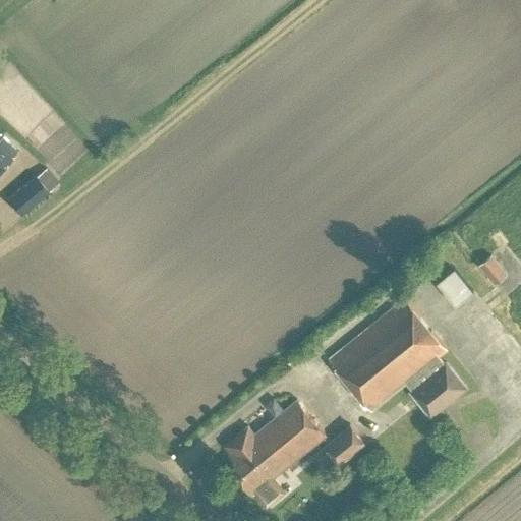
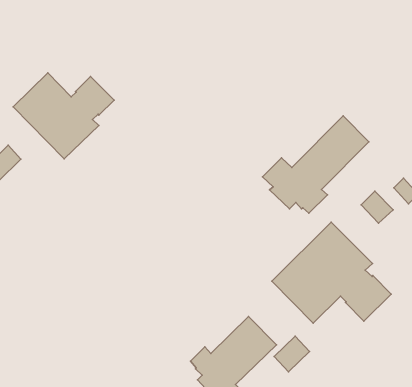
building: none -> [13,73,114,159]
building: none -> [263,116,369,213]

